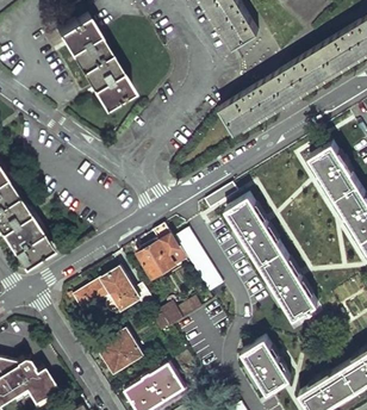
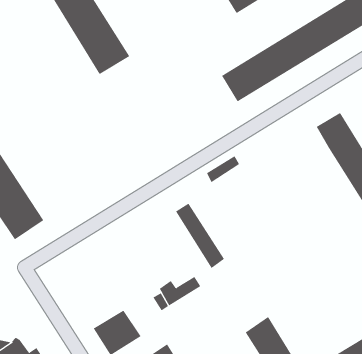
building: [228,194,317,318] -> none
building: [136,224,186,280] -> none
building: [74,268,153,311] -> none

